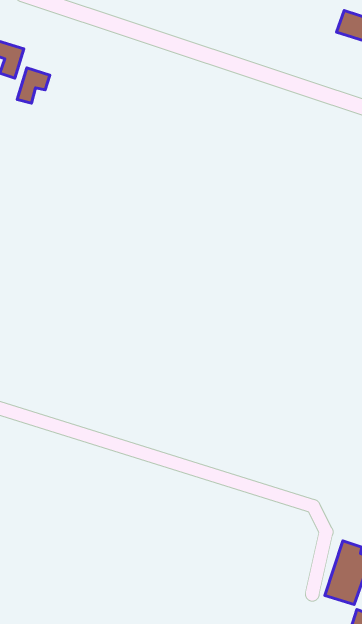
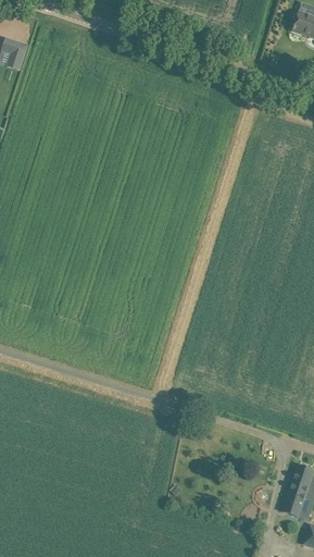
building: [17,68,50,103] -> none

